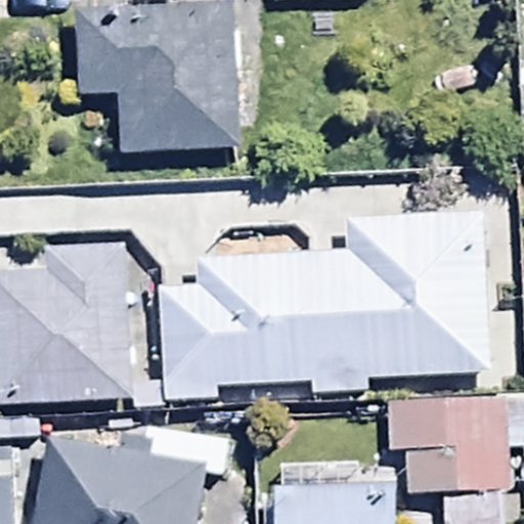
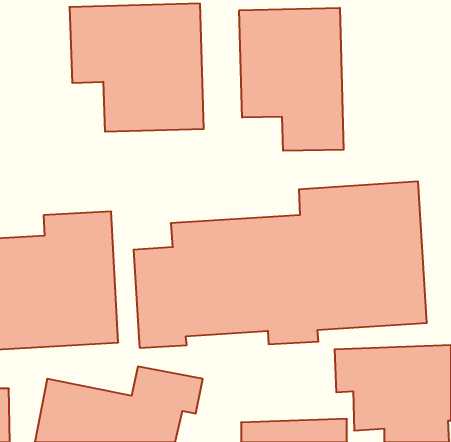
building: none -> [239,8,344,151]

